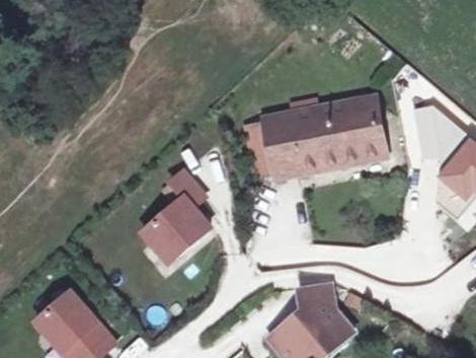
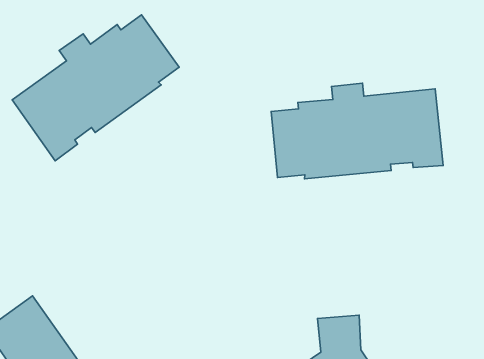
building: none -> [12,15,179,161]
building: [143,169,211,263] -> none

